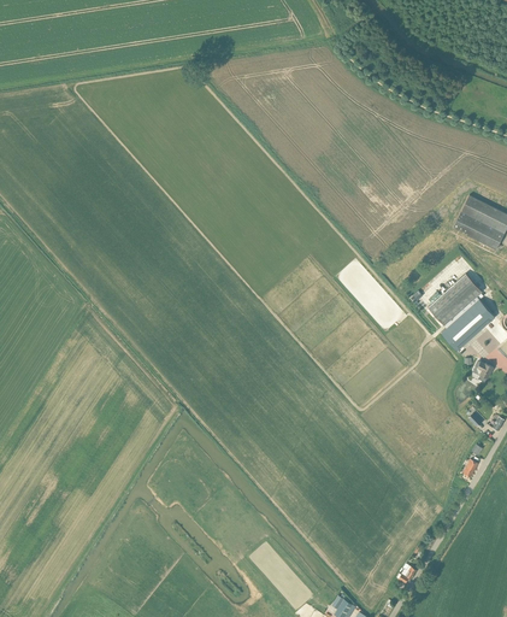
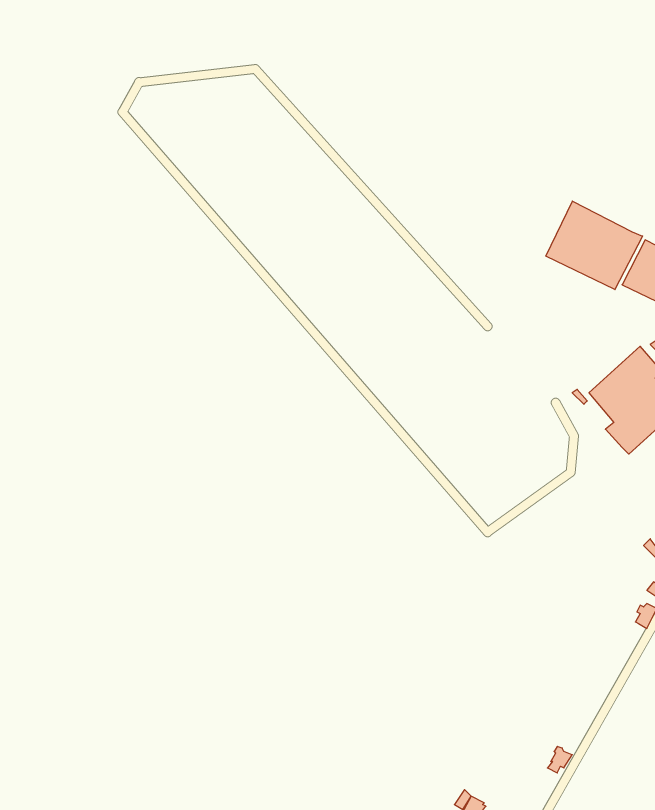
building: none -> [546,201,643,290]

